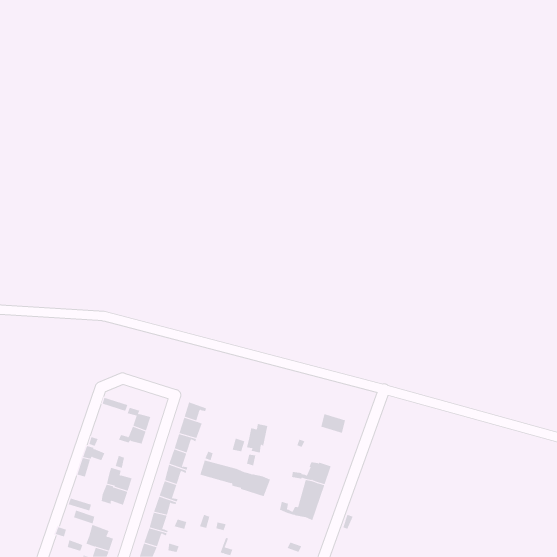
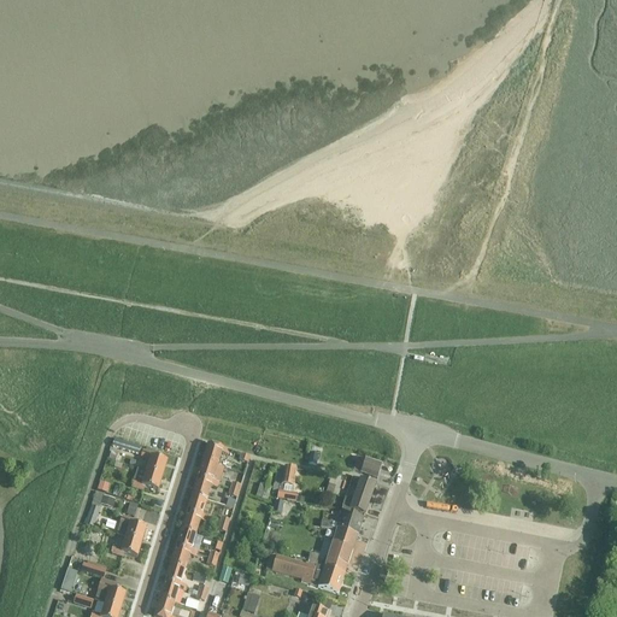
building: none -> [345,476,378,513]
building: [200,460,271,497] -> [269,552,347,593]

